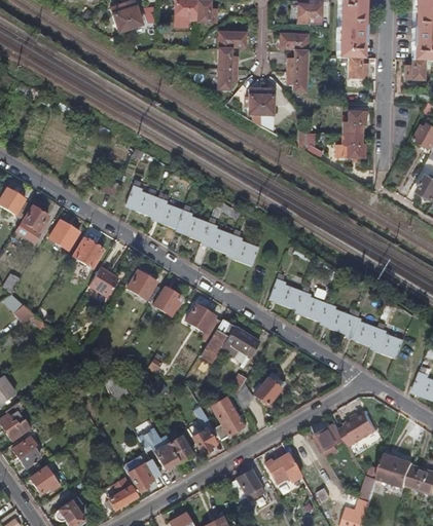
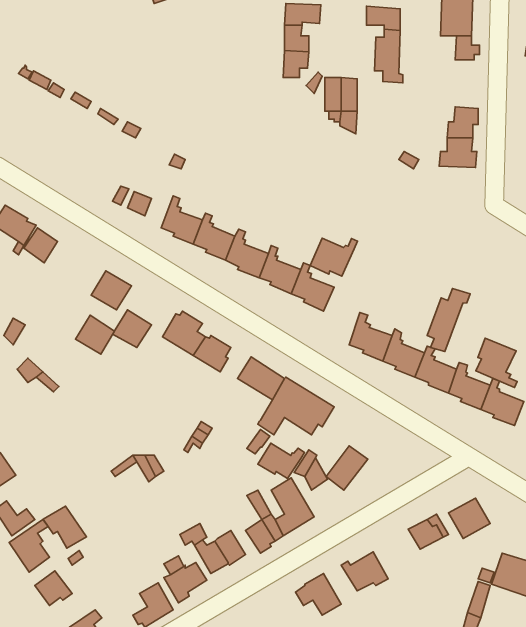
building: none -> [310,238,357,276]
building: [48,220,78,250] -> [75,315,114,354]
building: none -> [427,289,470,351]
building: none -> [476,338,517,388]
building: none -> [258,443,304,478]
building: none -> [43,506,86,548]

